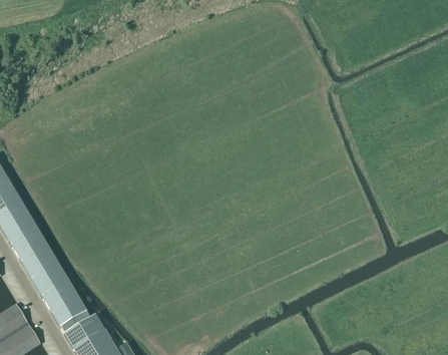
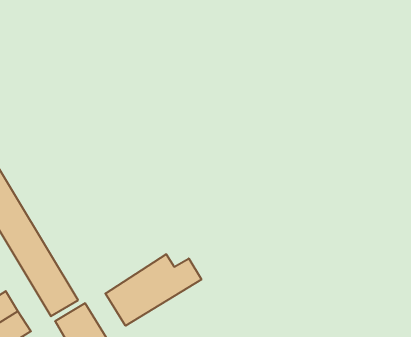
building: none -> [105,254,201,326]

